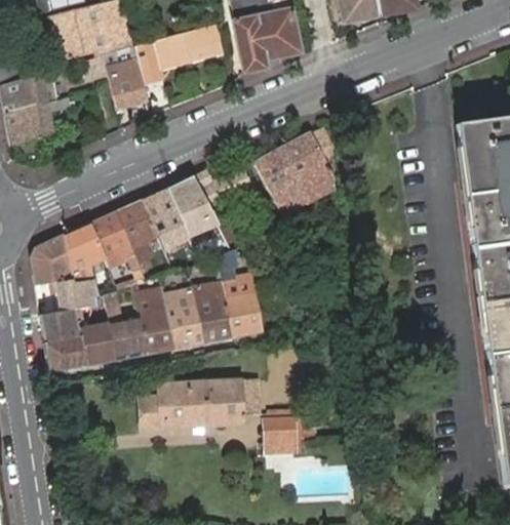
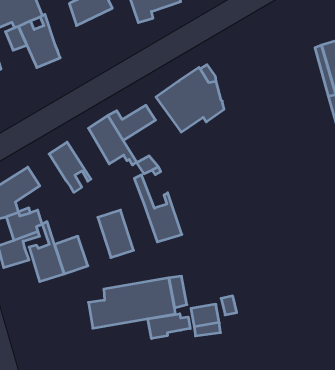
building: [135,36,171,83] -> none
building: [142,189,190,250] -> none
building: [90,213,139,270] -> none
building: [194,287,234,342] -> none
building: [136,292,175,354] -> none
building: [45,322,86,372] -> none
building: none -> [148,314,190,339]

